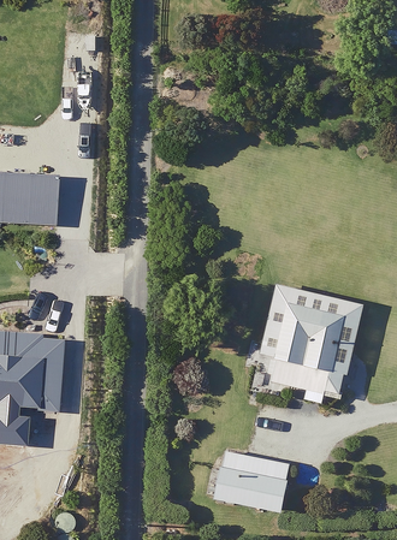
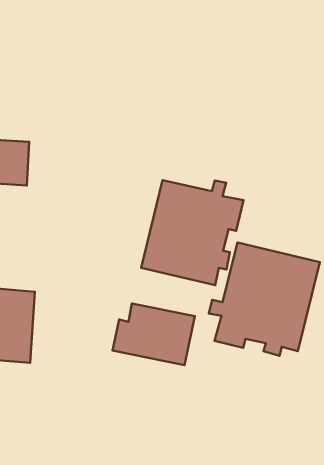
building: none -> [141,180,244,285]
building: [205,447,291,512] -> [112,304,195,365]

